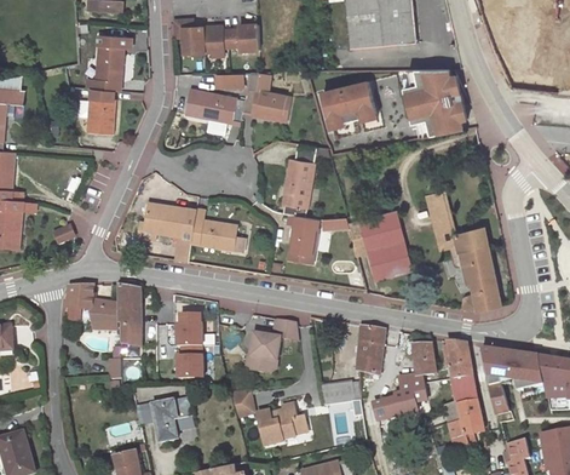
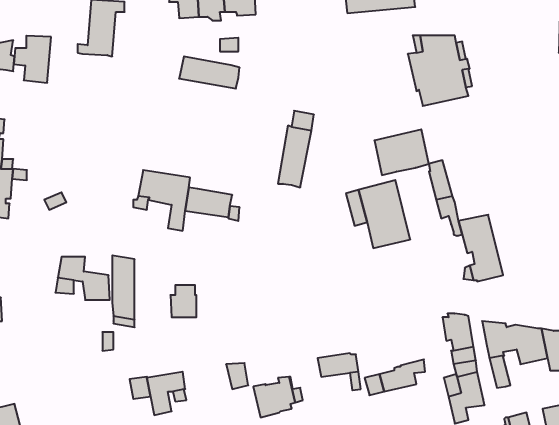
building: [242,73,290,120] -> none
building: [327,80,380,125] -> [374,129,429,175]
building: [77,87,114,133] -> [14,36,51,83]
building: [287,216,315,263] -> none
building: [454,225,486,251] -> none
building: [248,317,298,372] -> none
building: [359,326,384,374] -> none
building: [398,343,436,394] -> none
building: [177,345,202,378] -> none

